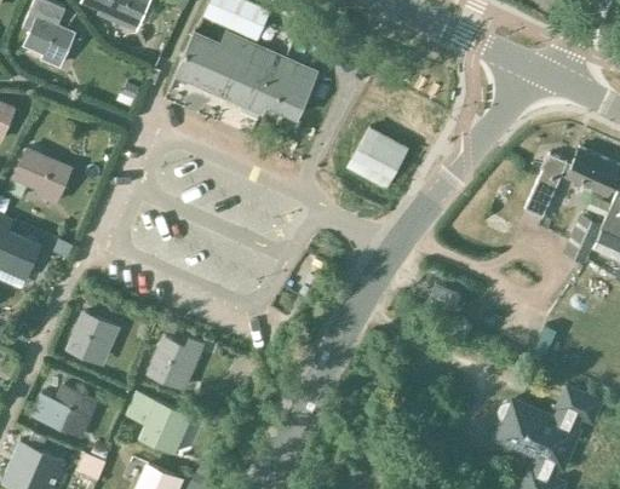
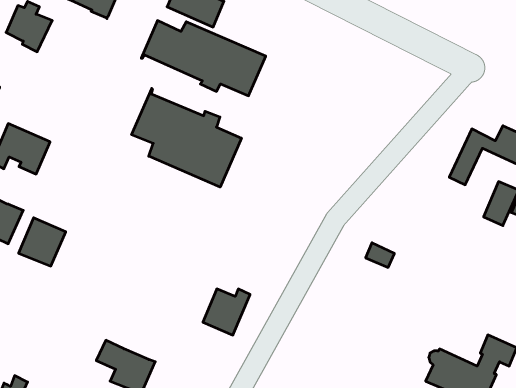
building: none -> [132,88,241,187]
building: [349,127,407,186] -> none
building: [65,312,119,367] -> [19,218,66,266]
building: [149,339,202,391] -> [203,289,250,335]
building: [30,384,99,438] -> none

